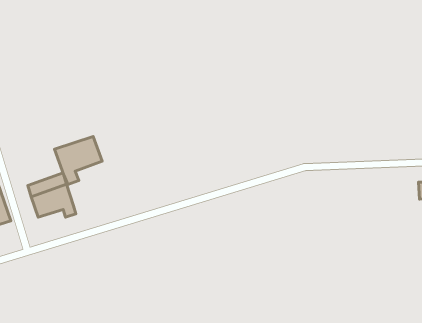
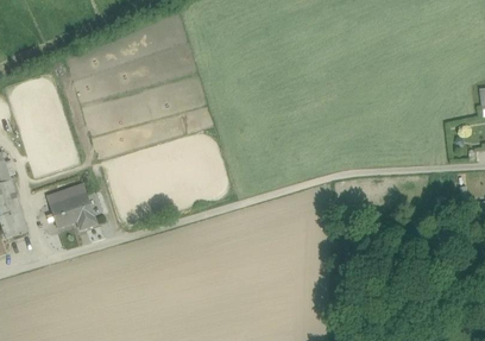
building: [54,136,102,185] -> none

